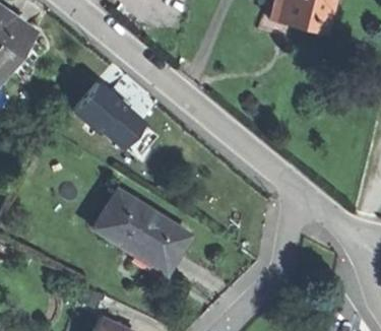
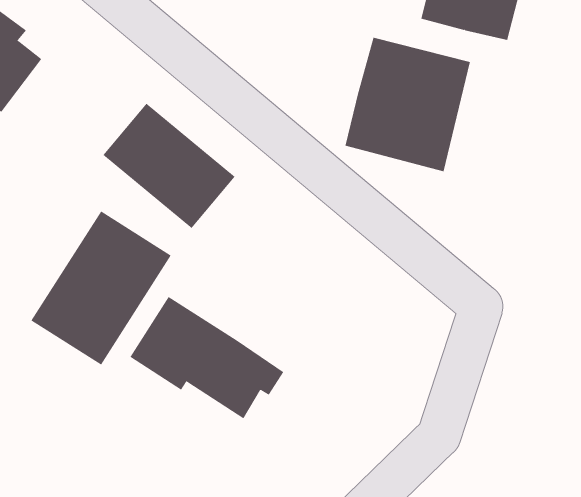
building: none -> [345,37,470,172]
building: none -> [31,210,172,365]

